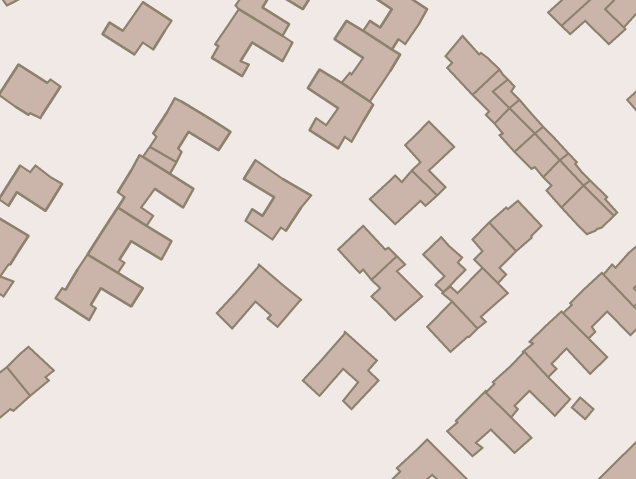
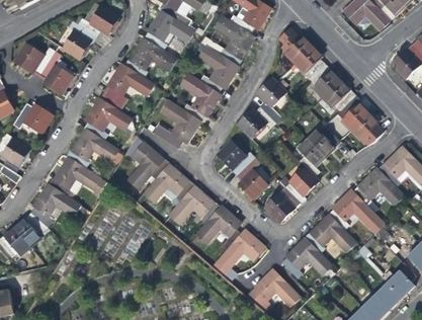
building: none -> [61,24,95,60]
building: none -> [123,37,173,76]
building: none -> [39,56,75,93]
building: none -> [181,74,222,122]
building: none -> [119,134,170,180]
building: [423,237,466,292] -> none
building: none -> [29,183,80,227]
building: none -> [169,184,222,223]
building: none -> [216,229,264,276]

